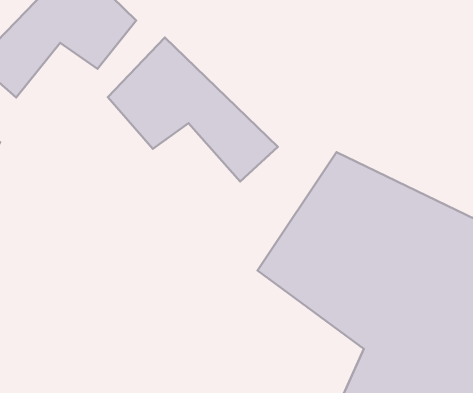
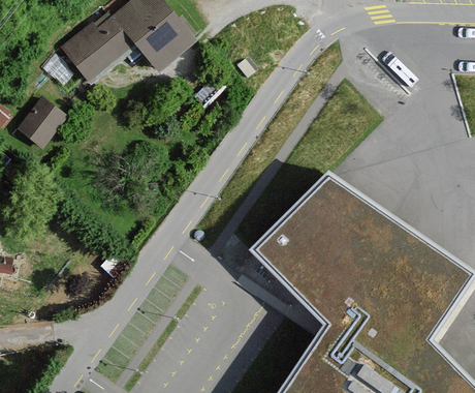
building: [108,37,278,181] -> none

